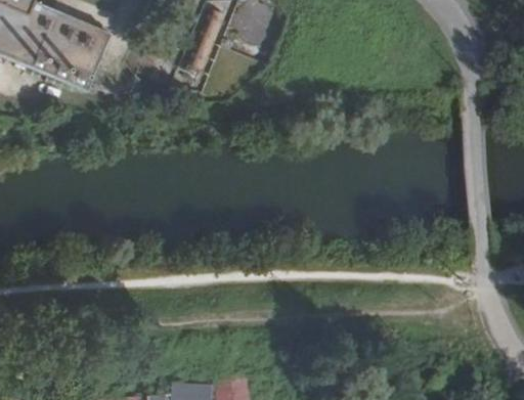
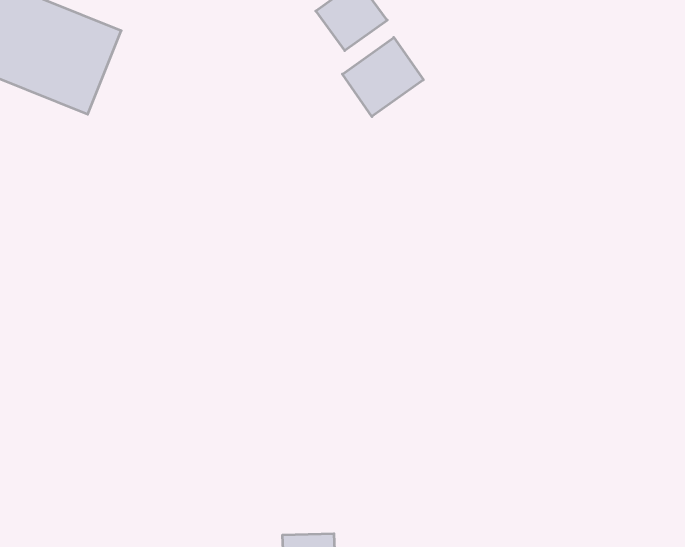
building: none -> [342,37,423,117]

